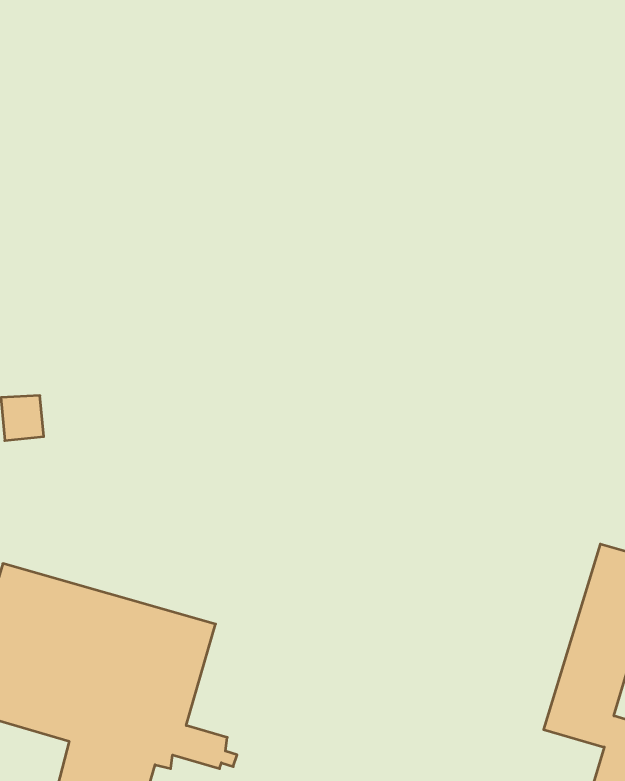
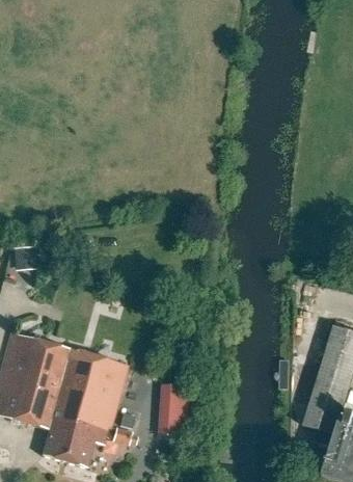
building: none -> [163,383,188,434]

